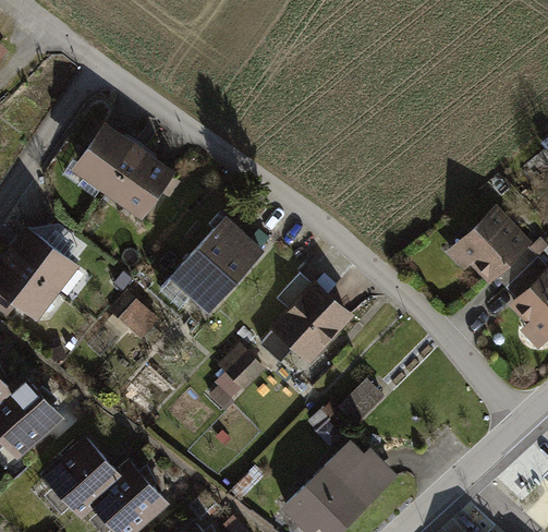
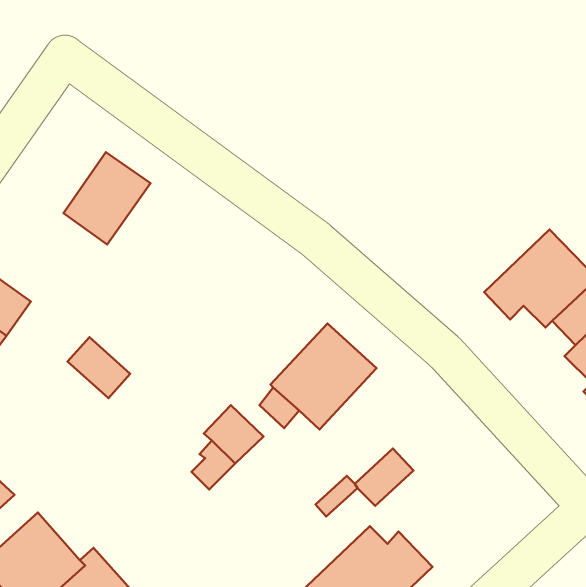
building: [70,121,138,193] -> none
building: [163,208,269,315] -> none

